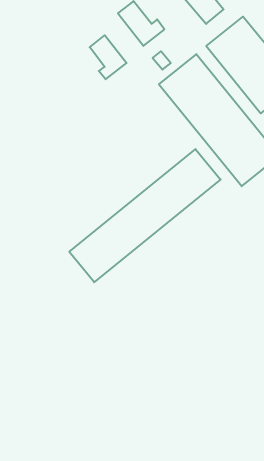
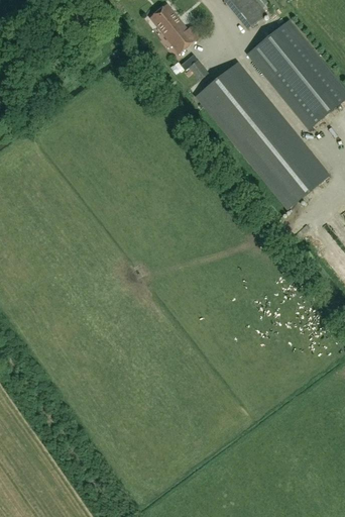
building: [90,35,127,79] -> none
building: [69,149,221,282] -> none

